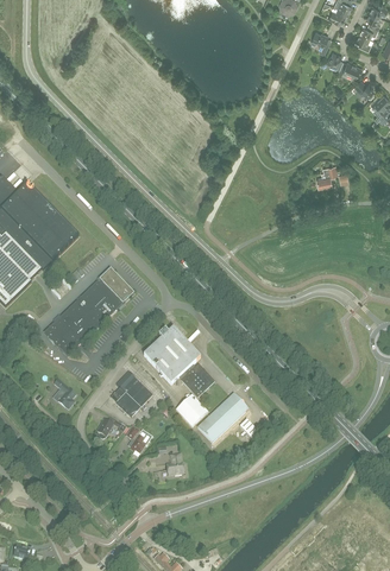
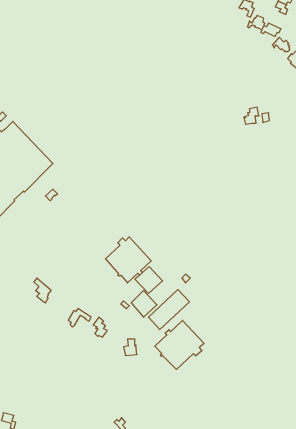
building: [43,267,133,354] -> none
building: [109,369,152,414] -> none
building: none -> [155,320,204,369]

